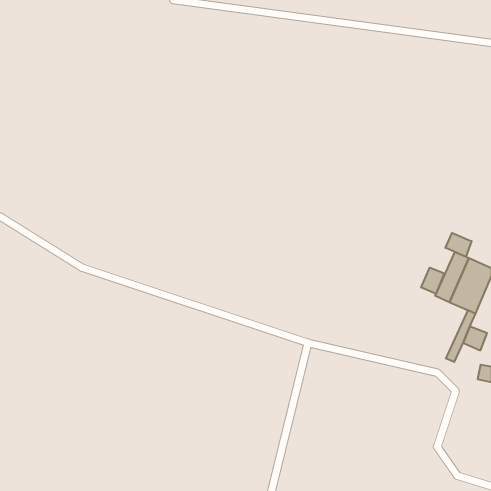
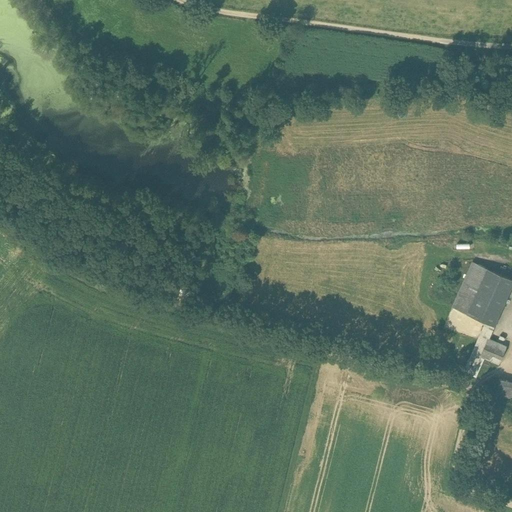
building: [445,233,472,257] -> none
building: [421,268,444,294] -> none

